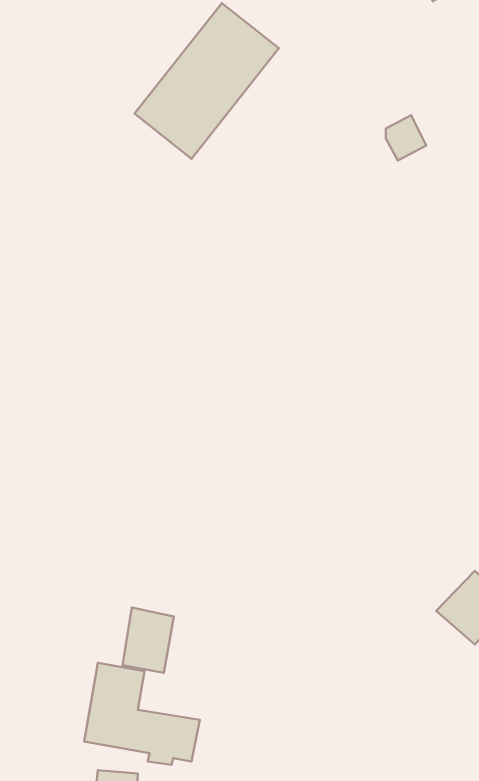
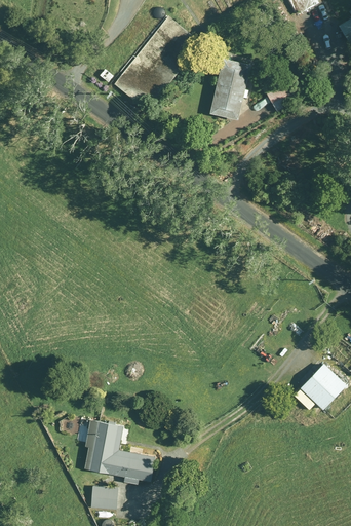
building: none -> [208,55,252,120]
building: [122,608,174,673] -> none

